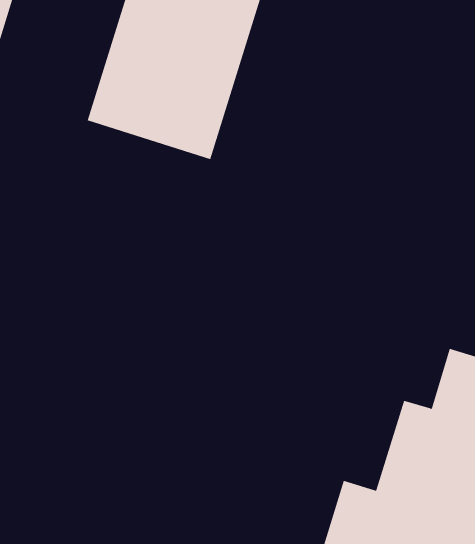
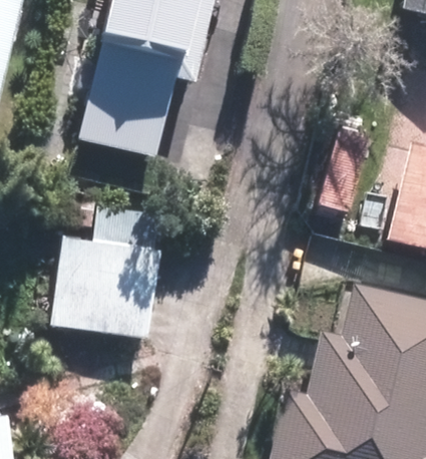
building: none -> [46,244,155,341]

